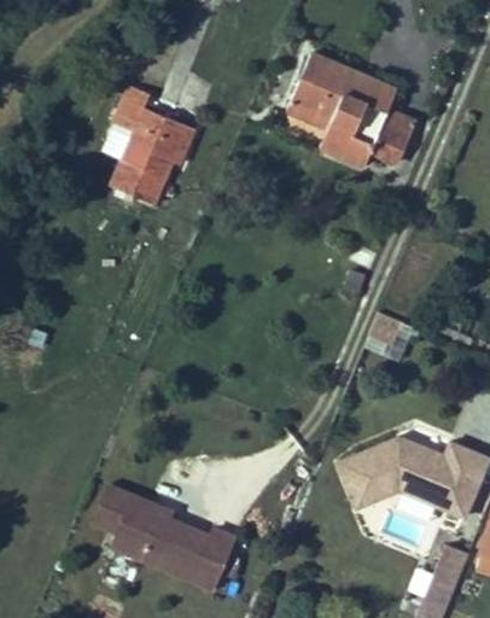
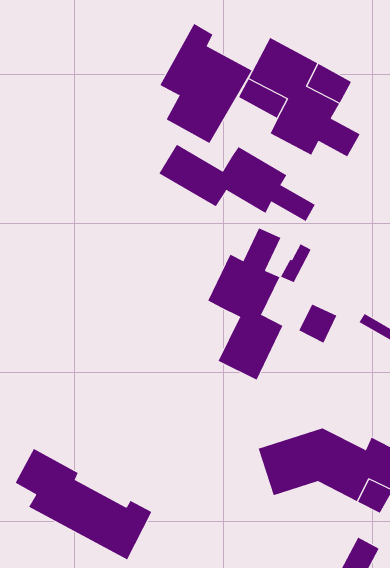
building: [100,87,192,206] -> [159,23,252,144]
building: none -> [159,144,315,222]
building: none -> [207,227,283,380]

